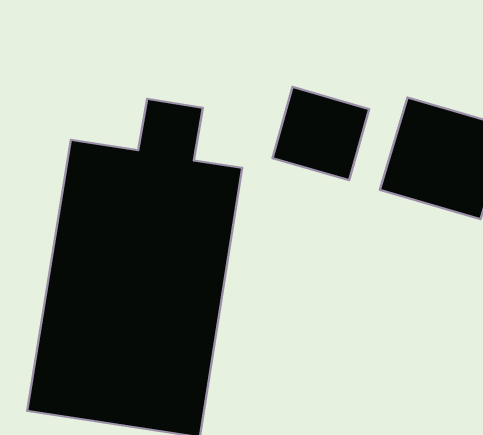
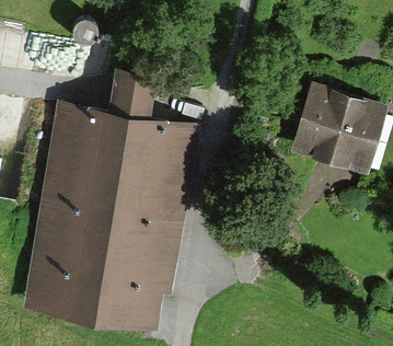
building: [273,87,369,180] -> none

